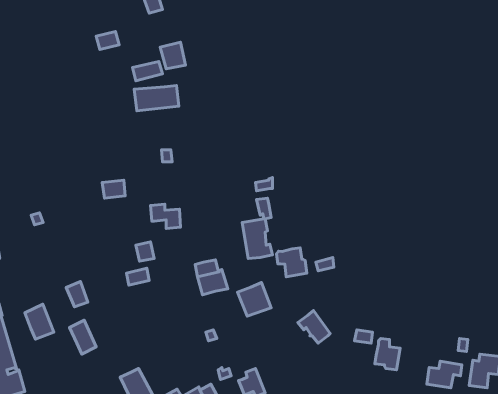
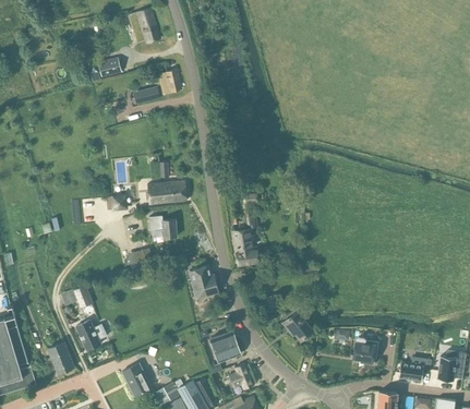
building: [134,86,179,111] -> [146,181,186,204]
building: [276,248,307,277] -> none
building: [237,282,271,316] -> [209,330,240,361]
building: [25,304,54,339] -> [47,341,73,373]

